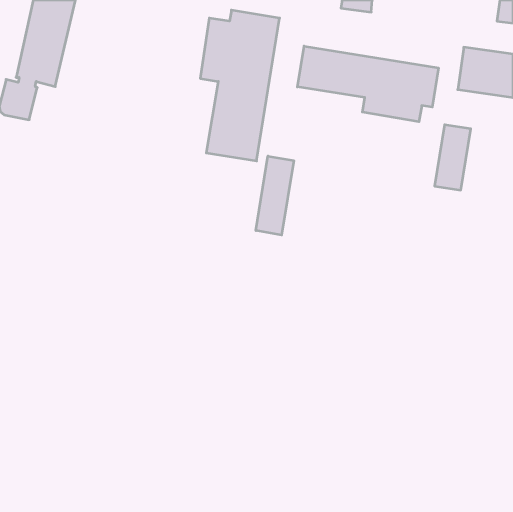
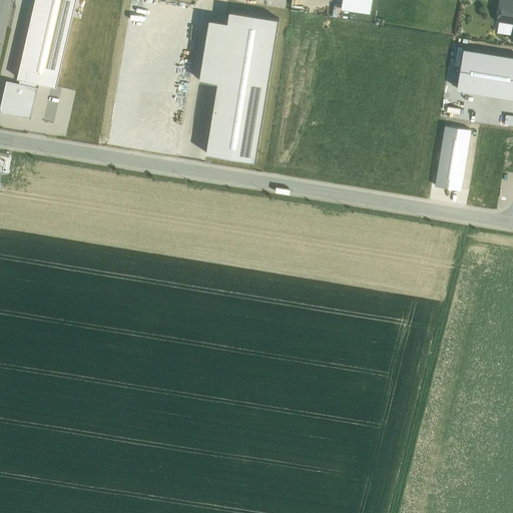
building: [297,46,438,122] -> none
building: [256,156,294,235] -> none

